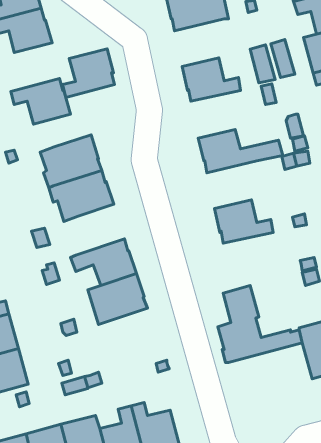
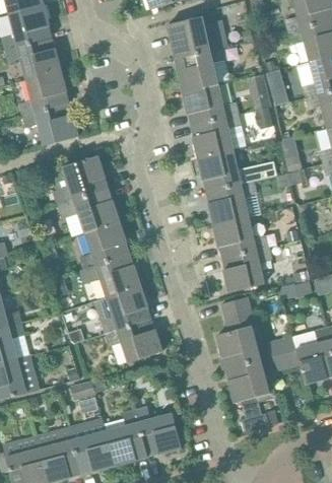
building: none -> [176,48,229,92]
building: [63,49,115,98] -> [19,70,68,116]
building: none -> [191,115,246,159]
building: none -> [206,181,261,225]
building: none -> [79,221,129,269]
building: none -> [221,248,271,292]
building: none -> [105,319,162,363]
building: none -> [226,351,298,433]

